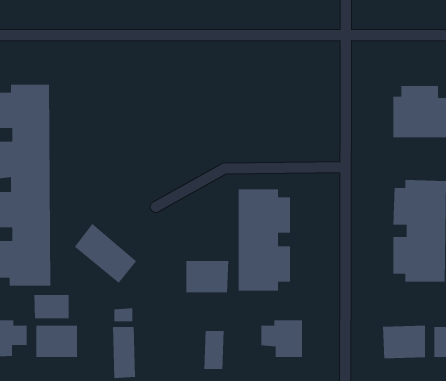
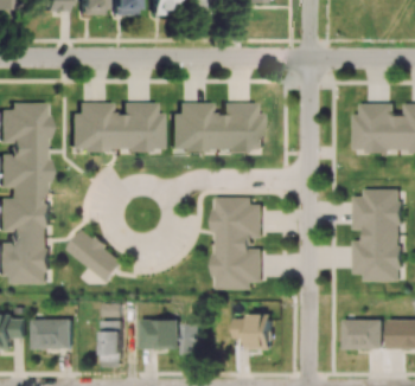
building: none -> [70,103,162,152]
building: none -> [171,103,263,152]
building: [186,260,229,293] -> [141,319,180,348]
building: [33,294,70,319] -> none

